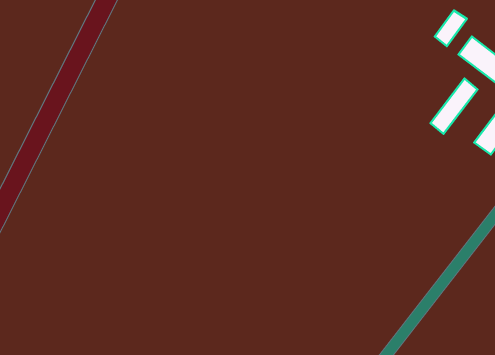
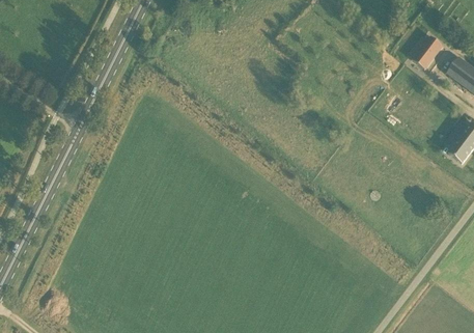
building: [431,79,477,134] -> none

